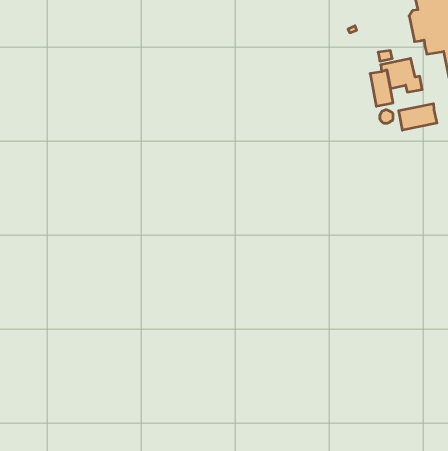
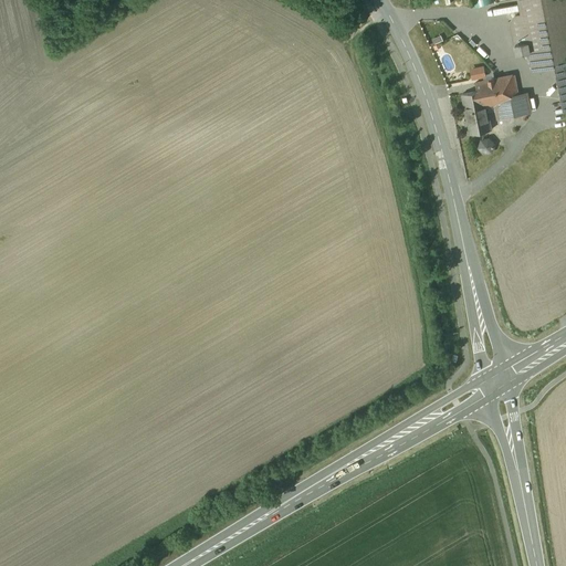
building: [399,104,437,130] -> none

